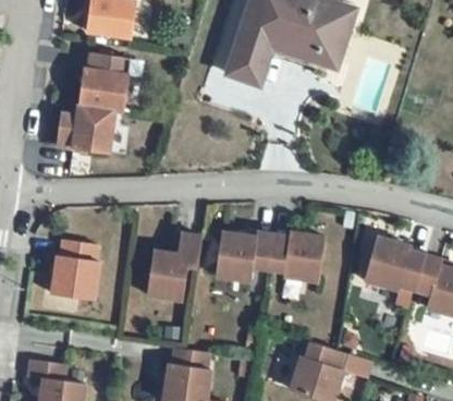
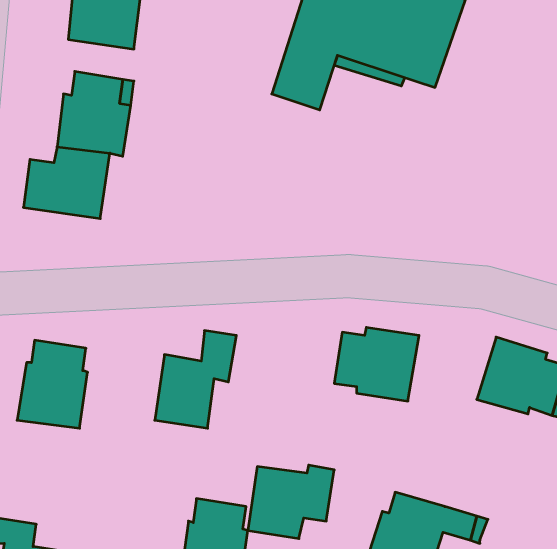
building: [215,230,273,280] -> [248,465,334,539]

